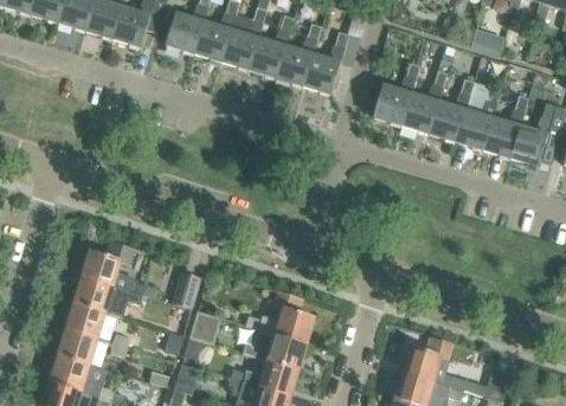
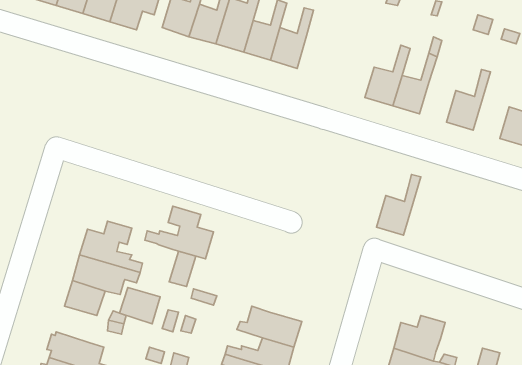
building: [303,31,361,95] -> none
building: [427,79,472,141] -> [377,175,421,235]
building: [482,96,526,157] -> none
building: [246,290,316,343] -> [145,206,214,259]
building: [58,328,99,365] -> [120,288,160,324]

